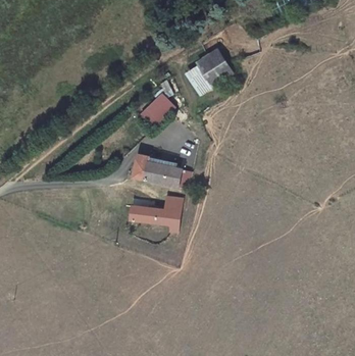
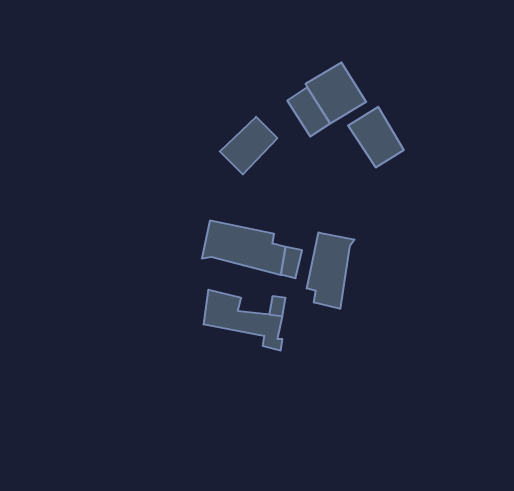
building: none -> [348,107,404,168]
building: none -> [307,232,355,309]

